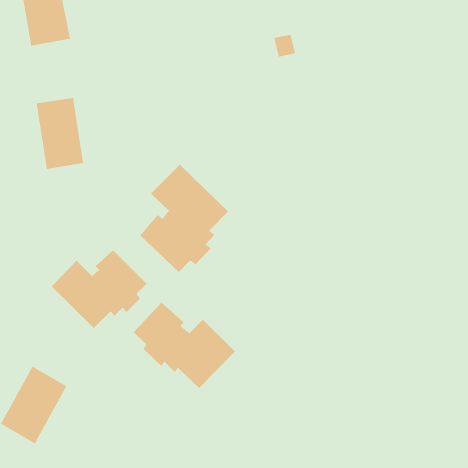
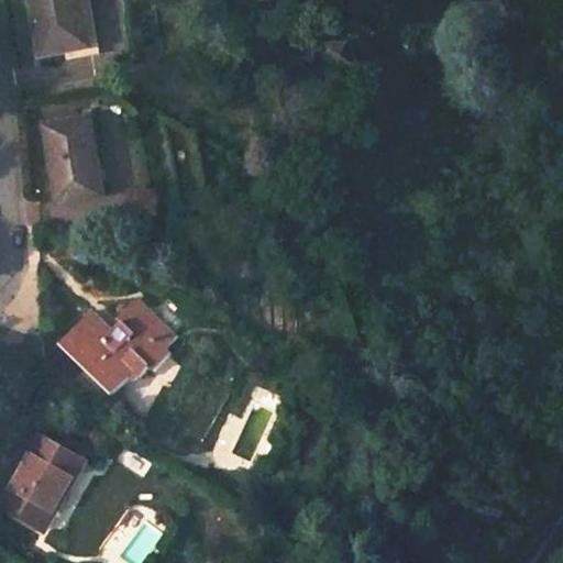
building: [140,164,229,273] -> none
building: [133,302,236,389] -> none

